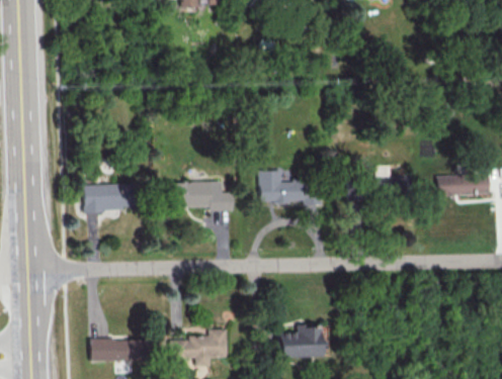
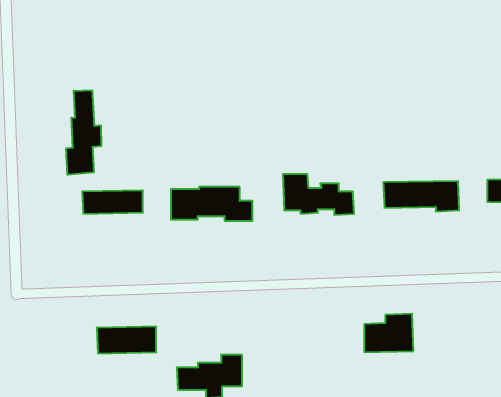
building: none -> [66,90,101,175]
building: [279,323,322,357] -> [364,314,413,352]
building: [91,338,143,361] -> [97,327,156,353]

